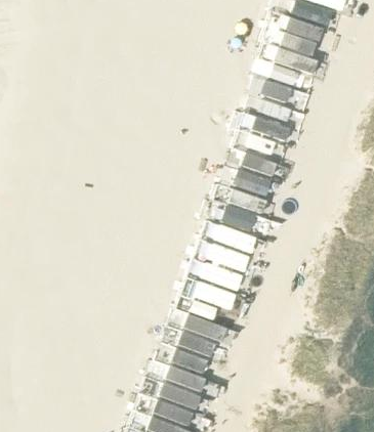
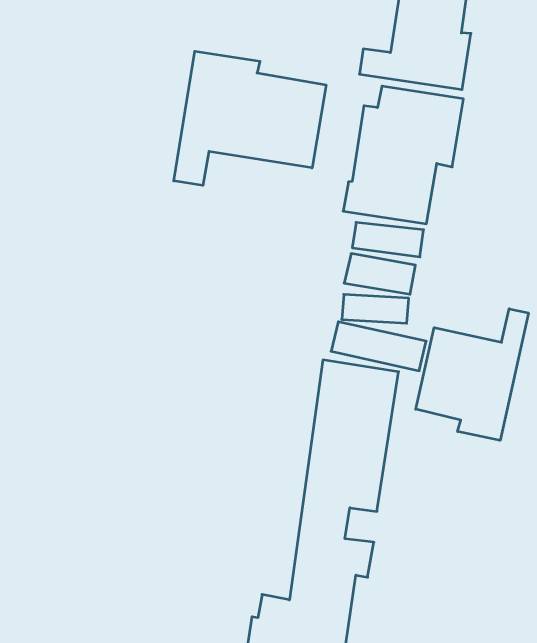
building: none -> [174,51,326,185]
building: none -> [416,309,528,440]

